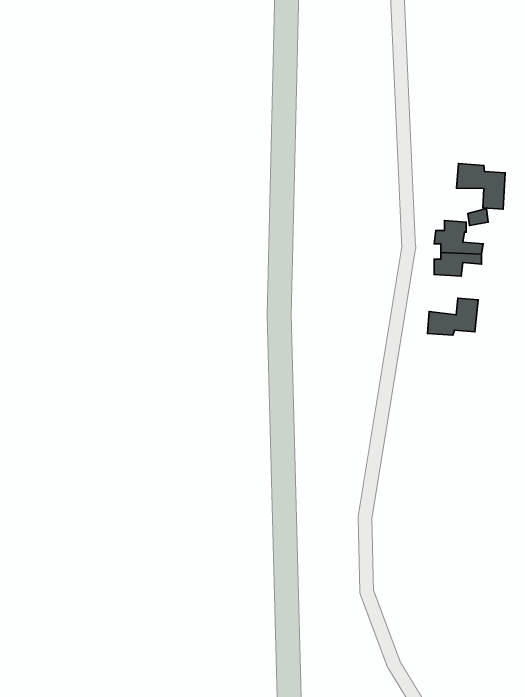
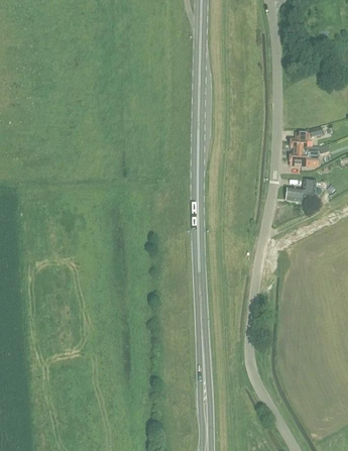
building: [456,163,505,209] -> none

